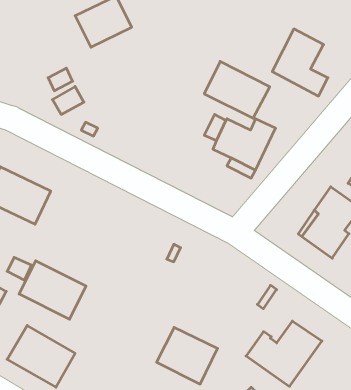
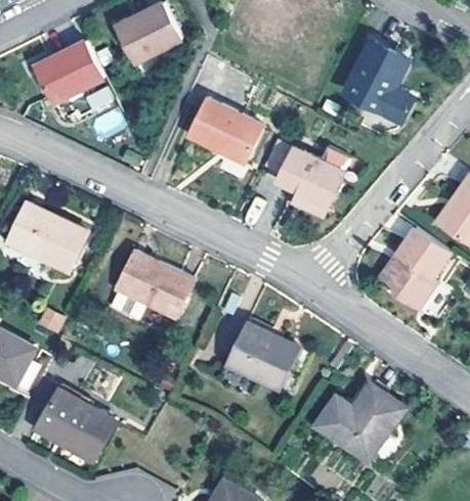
building: none -> [33,40,103,103]
building: [204,61,270,118] -> [186,97,263,164]
building: [19,261,86,319] -> [115,249,194,318]
building: [157,327,218,384] -> [226,323,298,390]

